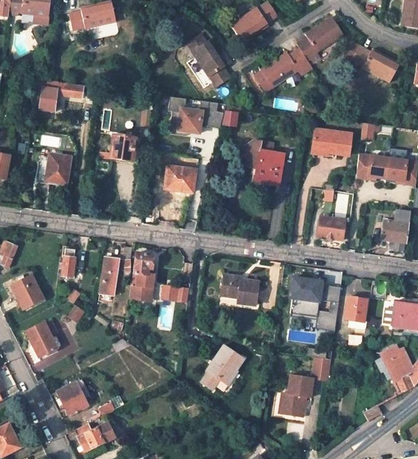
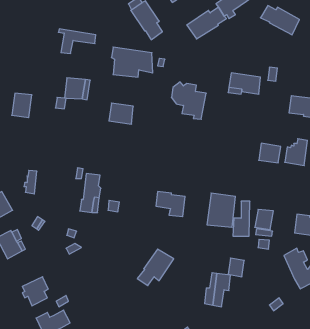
building: [36,80,82,110] -> [58,29,96,53]
building: [356,153,389,178] -> none
building: [317,216,344,240] -> [259,143,281,163]
building: [99,257,119,296] -> none

